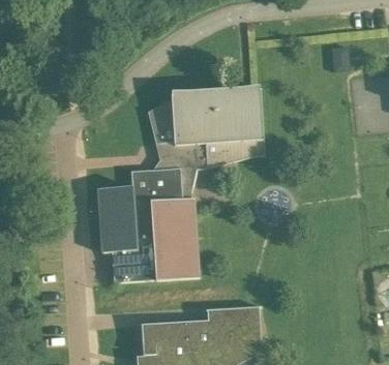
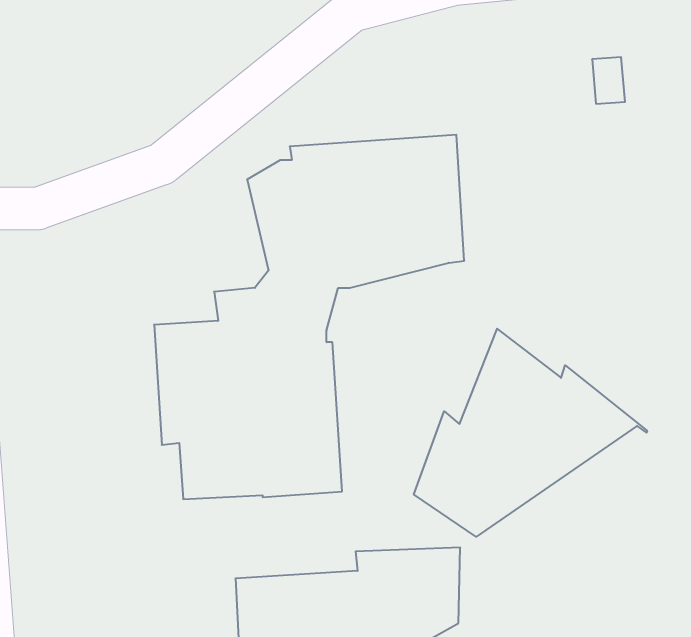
building: none -> [414,329,647,537]

